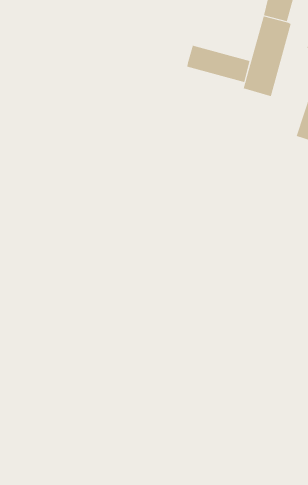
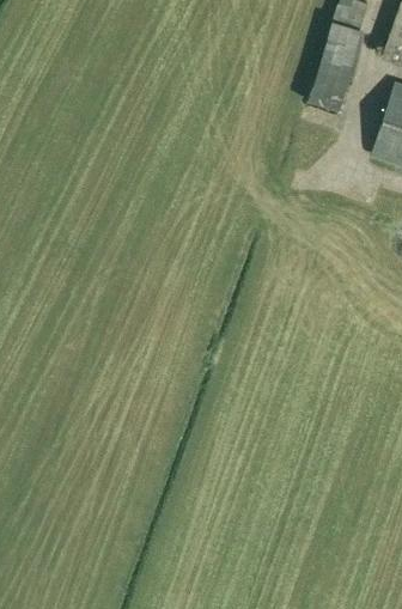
building: [187,45,250,83] -> none

